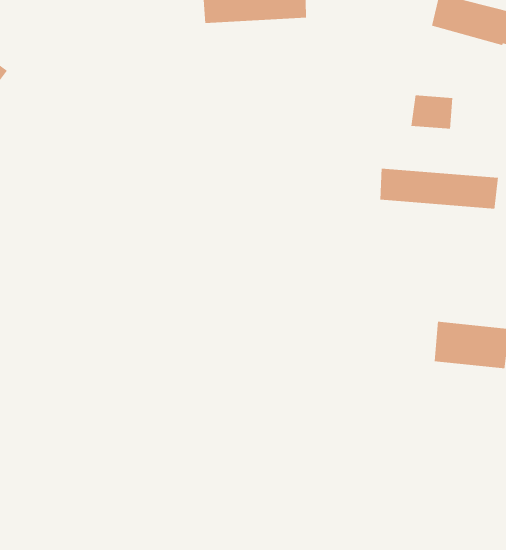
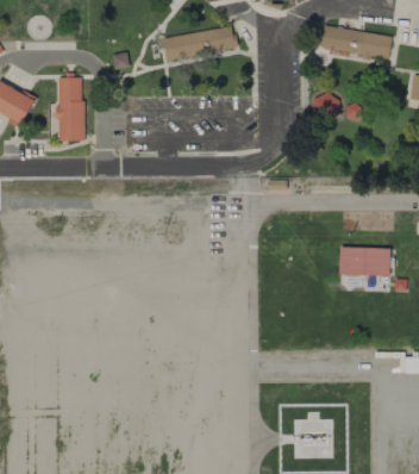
building: none -> [54,73,85,142]
building: [380,168,498,210] -> none

